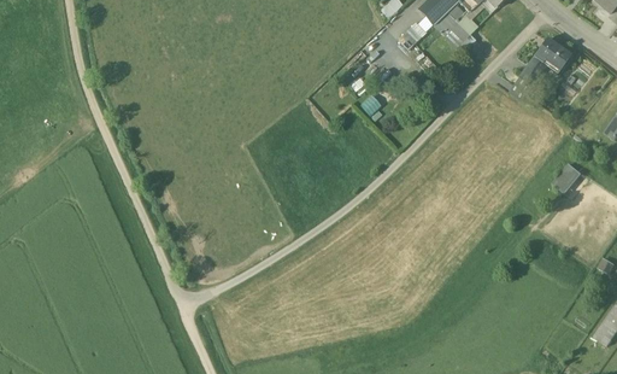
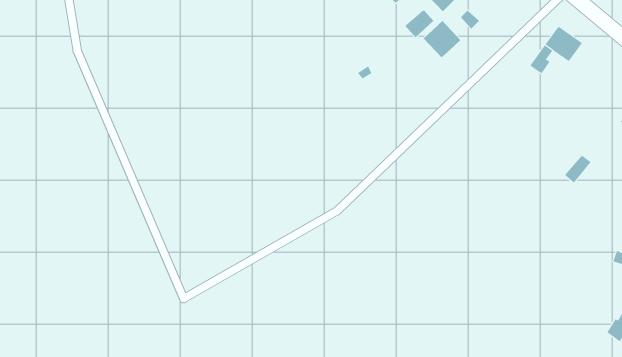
building: none -> [423,20,461,58]

